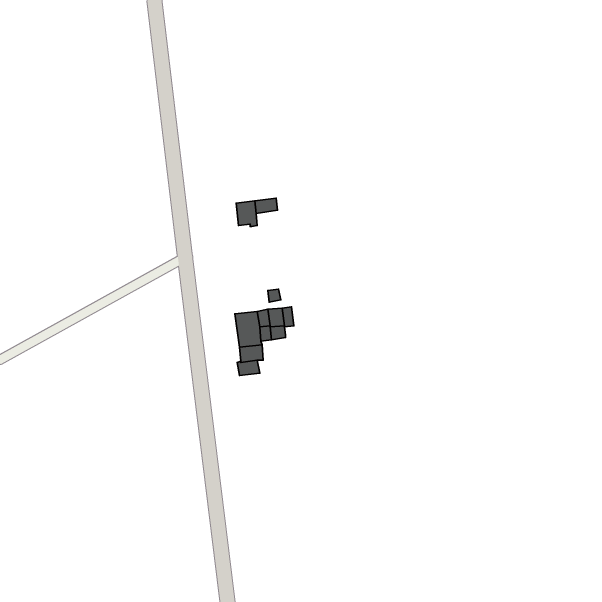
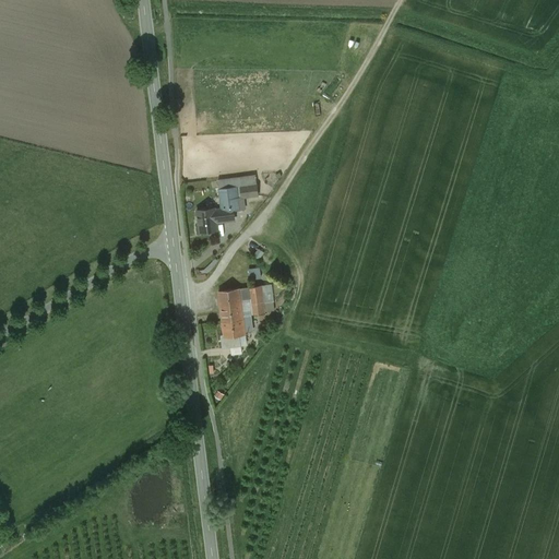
building: none -> [195,209,234,233]

